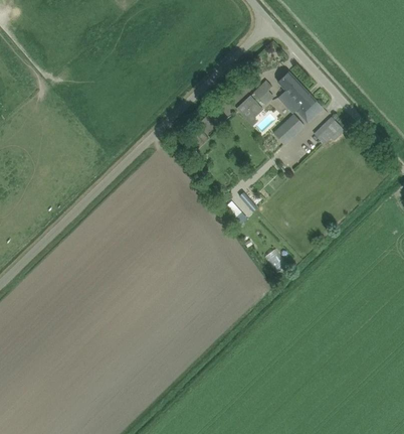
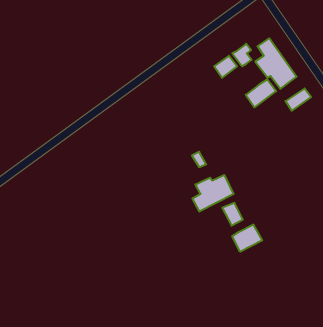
building: none -> [192,175,234,212]
building: none -> [232,224,262,252]

